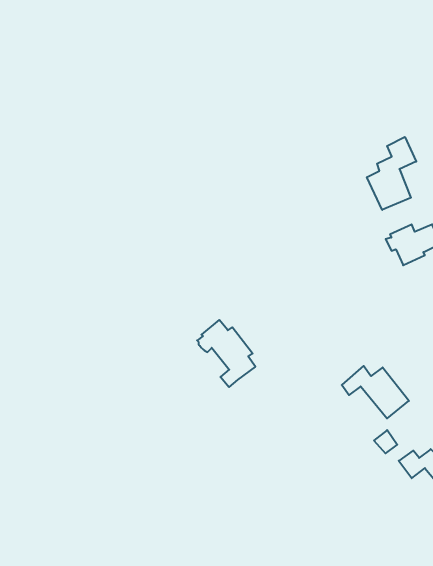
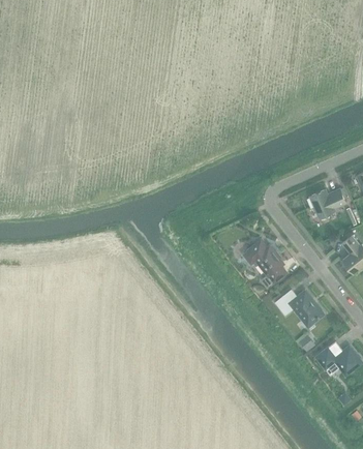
building: [367,137,416,210] -> none
building: [197,320,255,387] -> [244,239,285,287]

